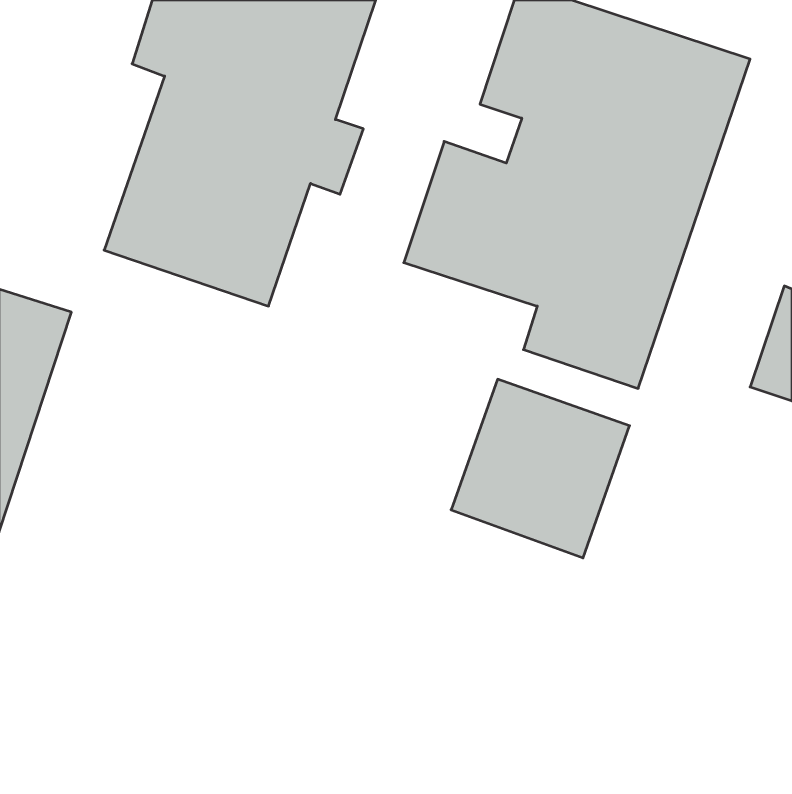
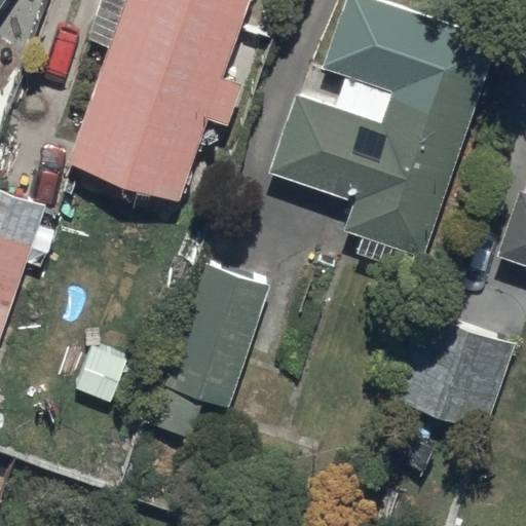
building: [451,379,630,558] -> [398,313,516,431]
building: none -> [168,265,268,410]

